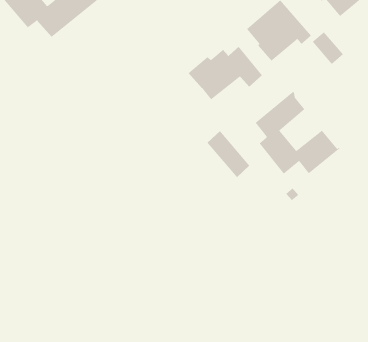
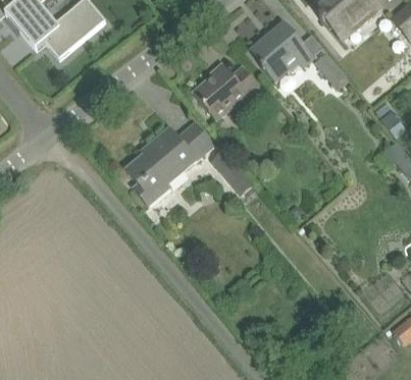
building: [255,91,341,175] -> none
building: none -> [126,121,214,205]

